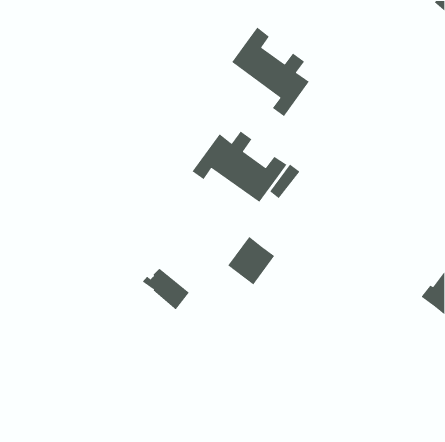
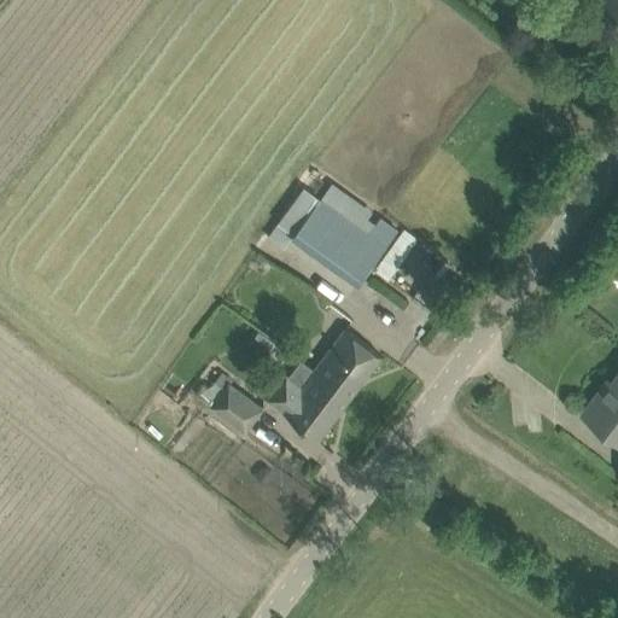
building: [231,27,310,117] -> none
building: none -> [267,362,351,441]

